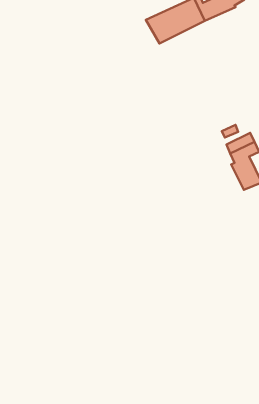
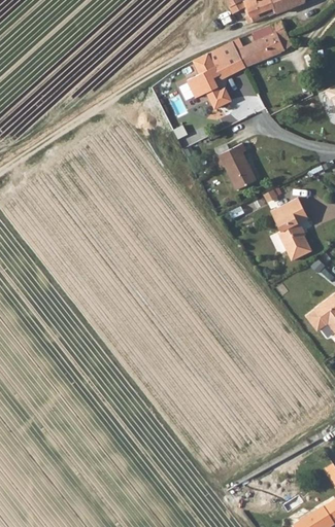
building: none -> [195,79,234,114]
building: none -> [211,143,255,188]

